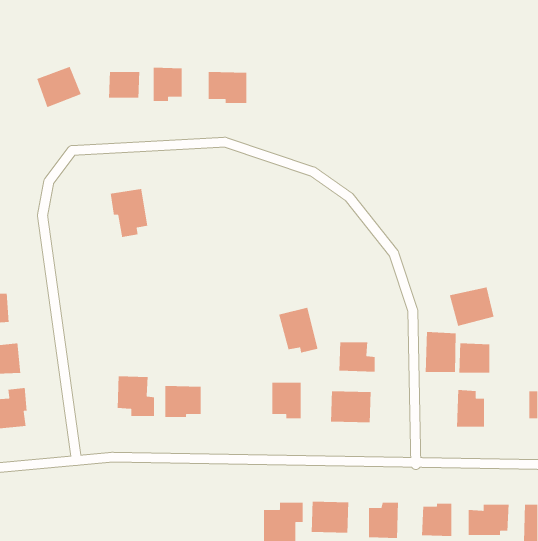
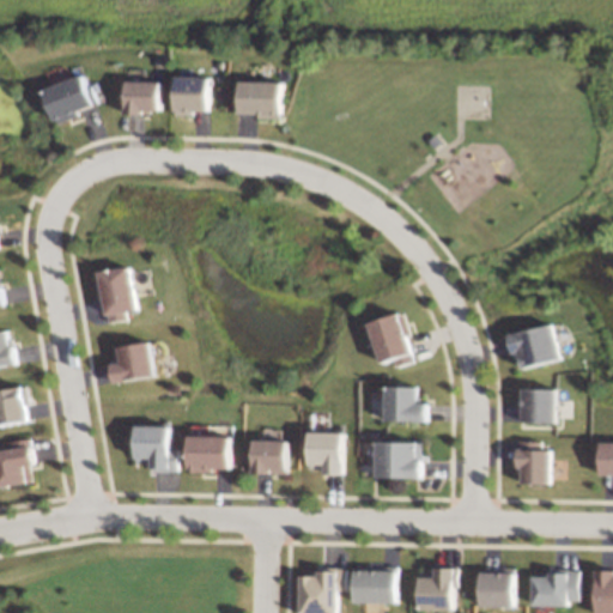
building: [110,188,148,238] -> [92,267,135,323]
building: none -> [108,342,152,382]
building: [278,307,318,353] -> [366,314,412,366]
building: [425,331,457,373] -> none
building: none -> [250,441,285,474]

